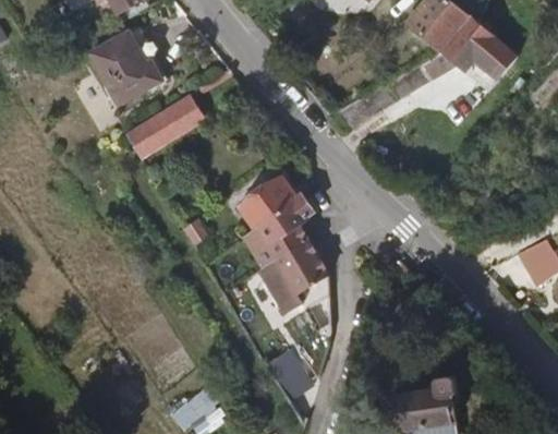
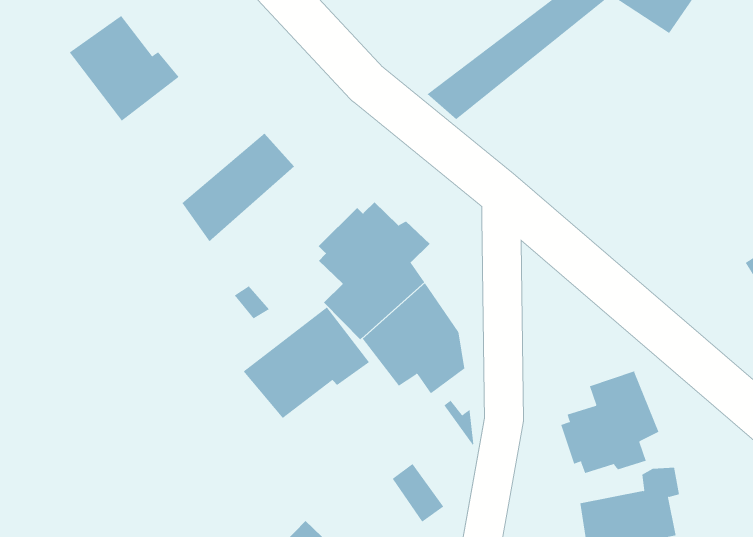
building: [124,93,203,161] -> [182,133,295,242]
building: none -> [243,306,370,419]
building: none -> [560,370,659,474]

